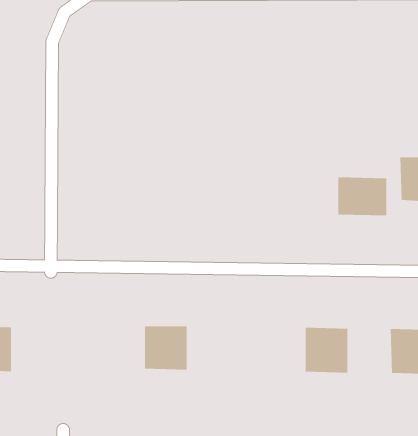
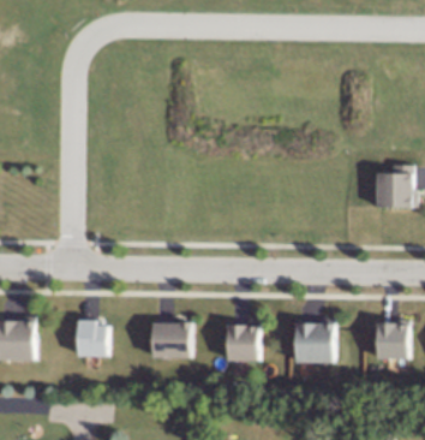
building: [338,177,387,216] -> none
building: none -> [76,319,115,359]
building: none -> [223,321,263,361]

